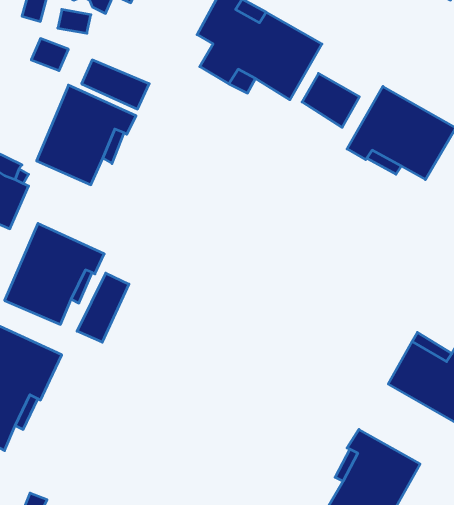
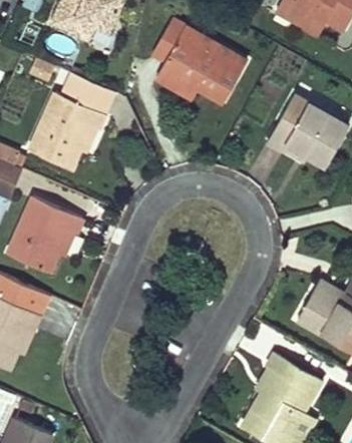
building: [302,73,359,127] -> none
building: [77,273,129,342] -> none

